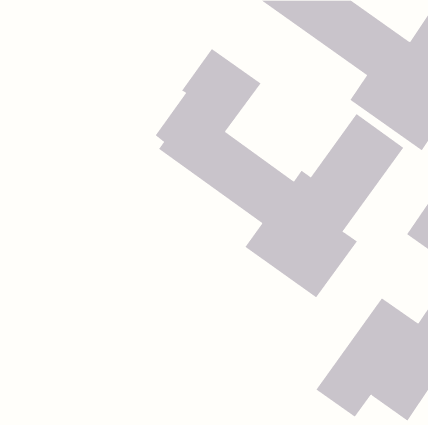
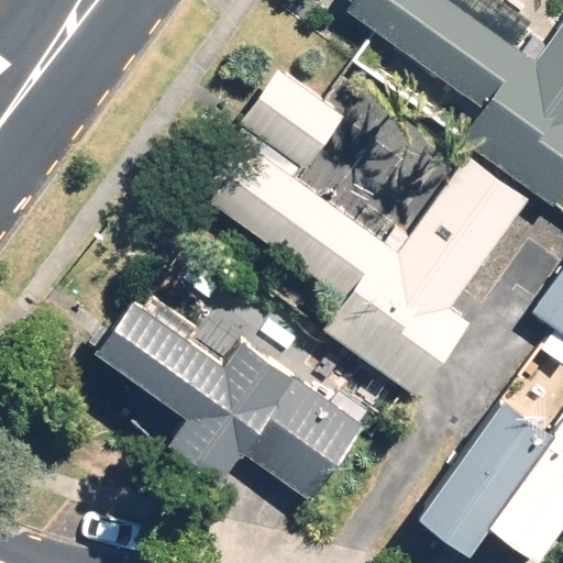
building: none -> [92,298,371,504]

